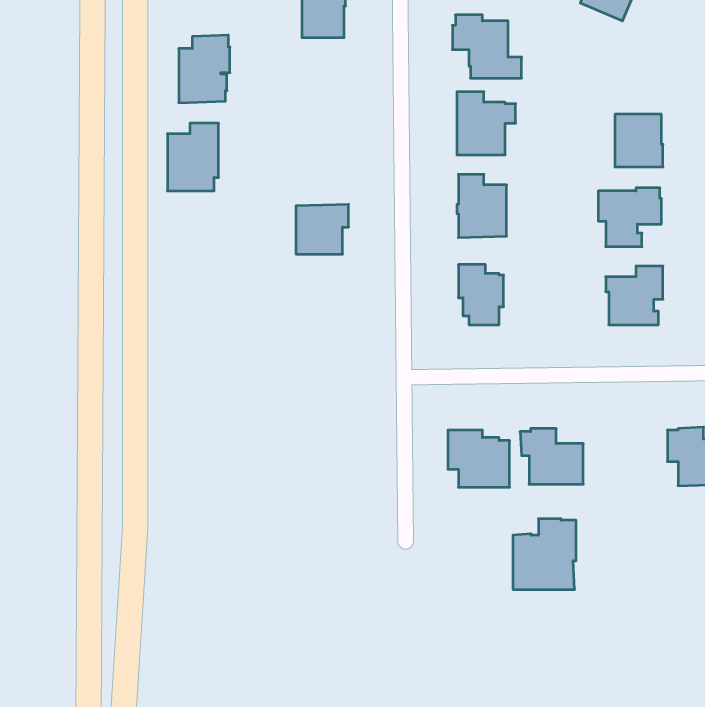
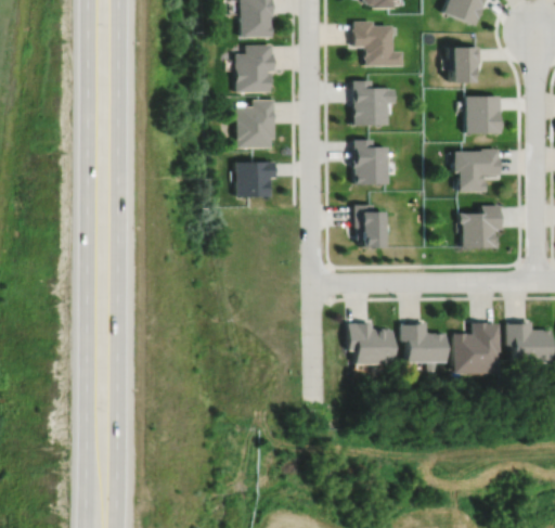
building: [179,35,230,103] -> [237,46,274,94]
building: none -> [446,48,478,86]
building: [167,123,219,191] -> [238,101,275,150]
building: [513,519,576,589] -> [453,321,499,372]

